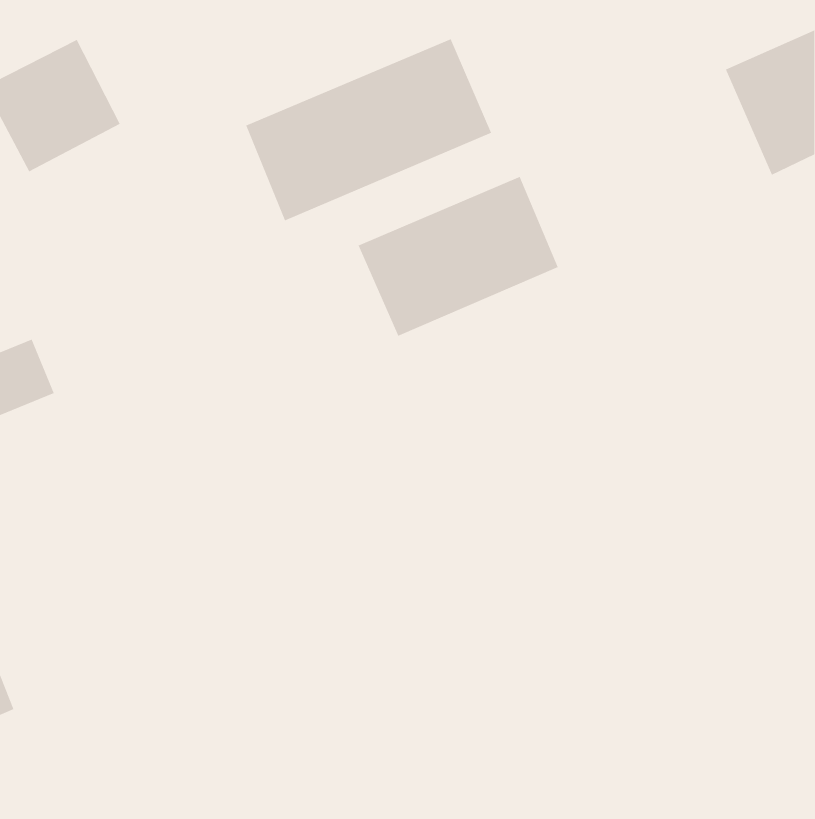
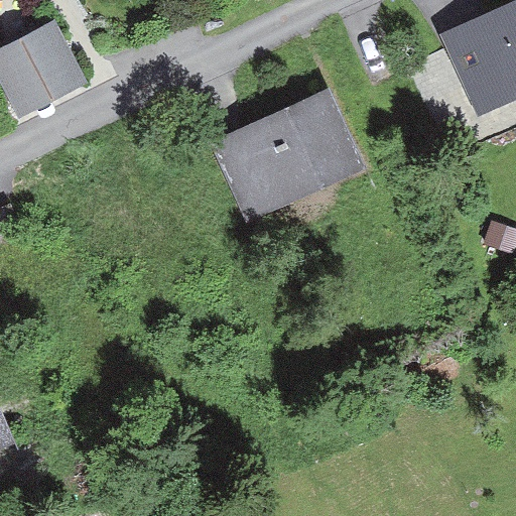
building: [245,38,492,222] -> none

